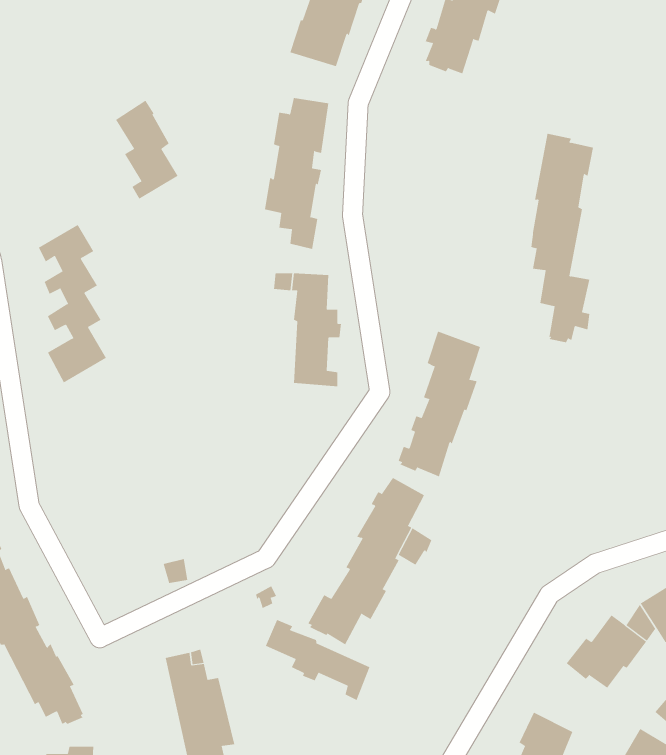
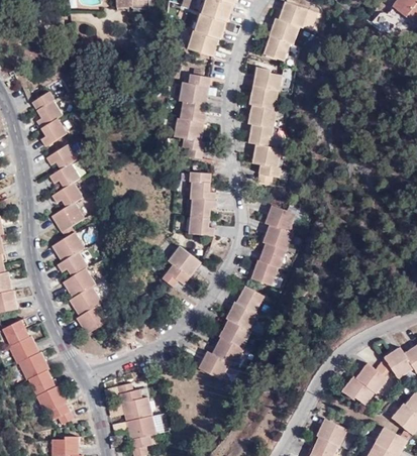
building: [115,100,178,199] -> [32,91,68,146]
building: [530,133,594,343] -> [246,67,282,184]
building: none -> [51,232,109,334]
building: none -> [162,245,200,287]
building: [265,619,370,701] -> none

